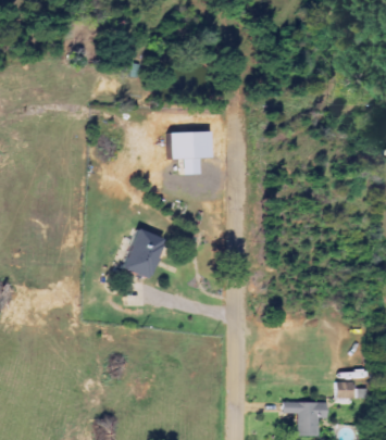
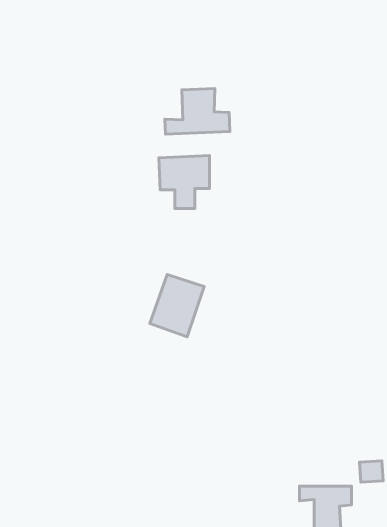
building: none -> [165,89,230,134]
building: [120,228,164,279] -> [150,274,204,337]

